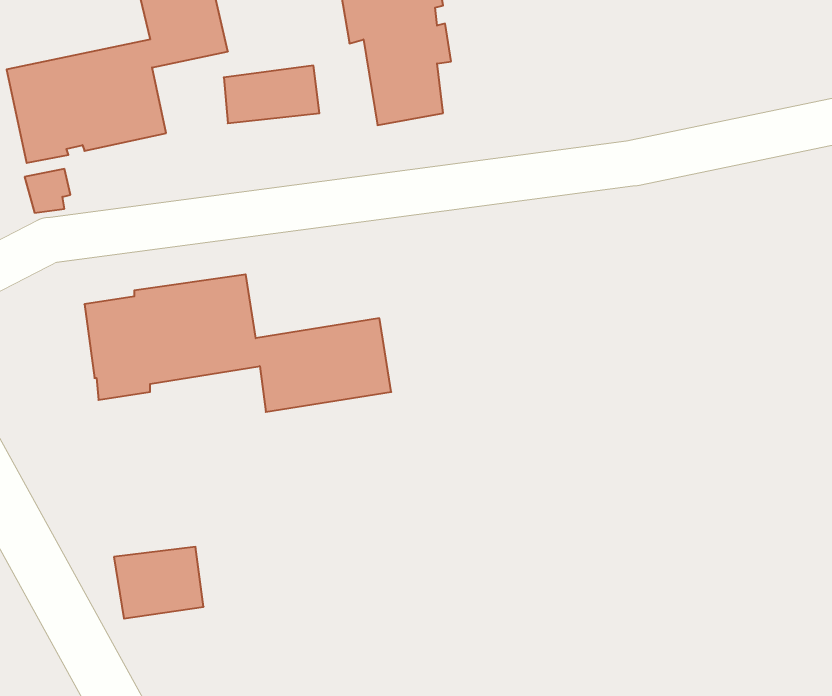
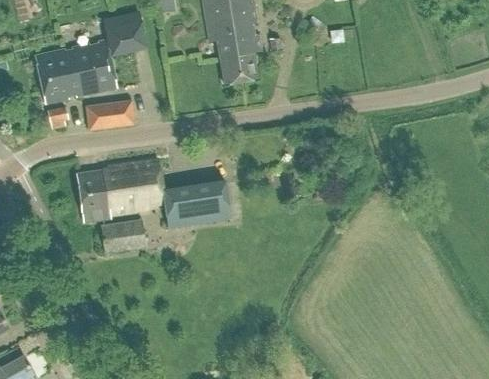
building: [224,66,319,123] -> [87,99,135,128]
building: [114,547,204,619] -> [101,217,146,253]

